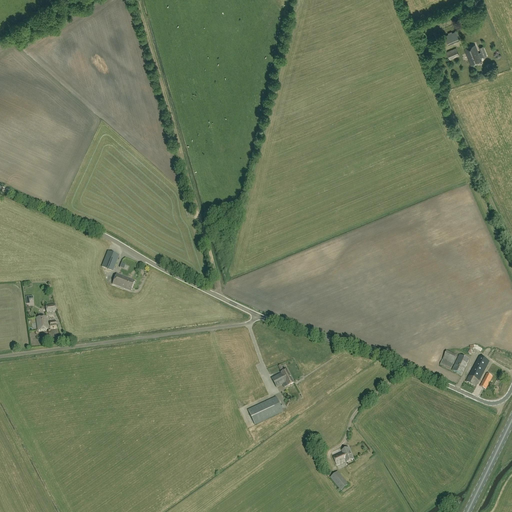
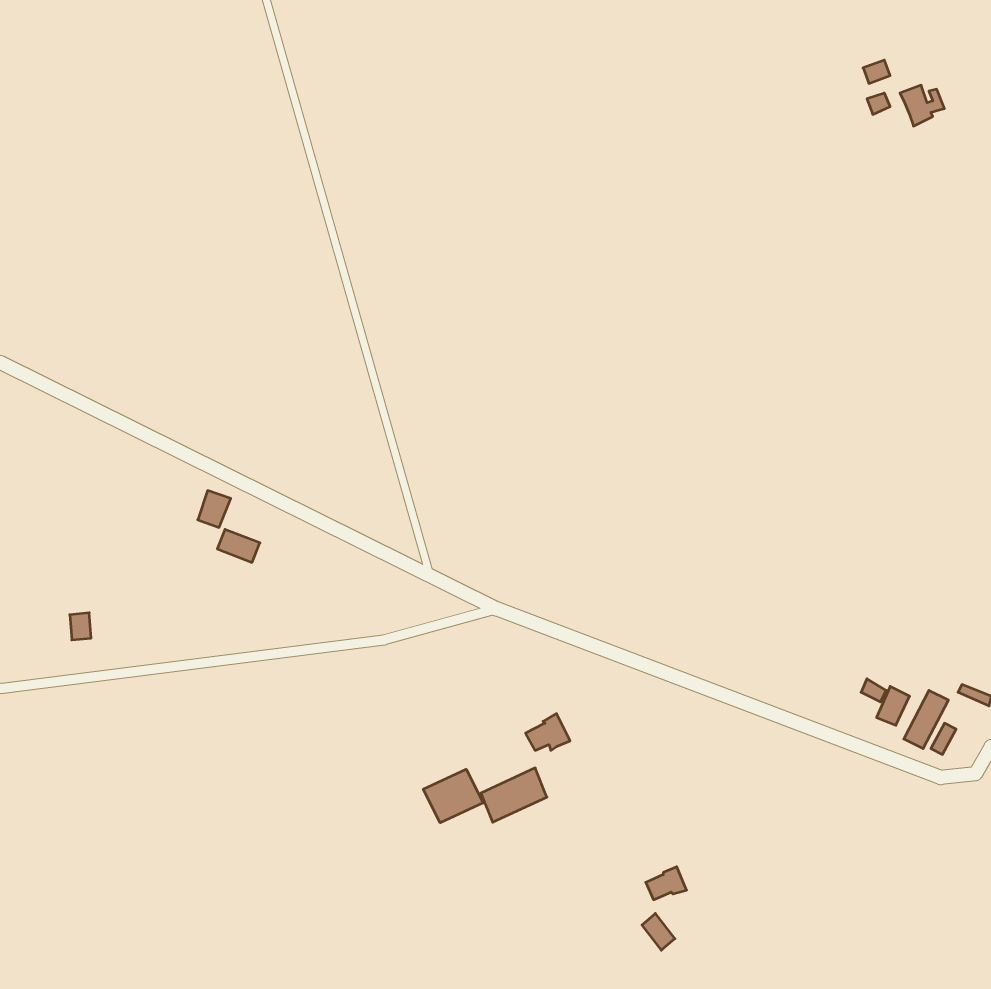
building: none -> [423,769,483,823]

